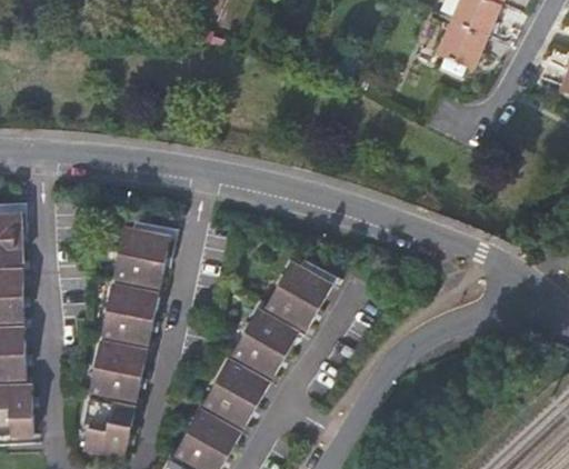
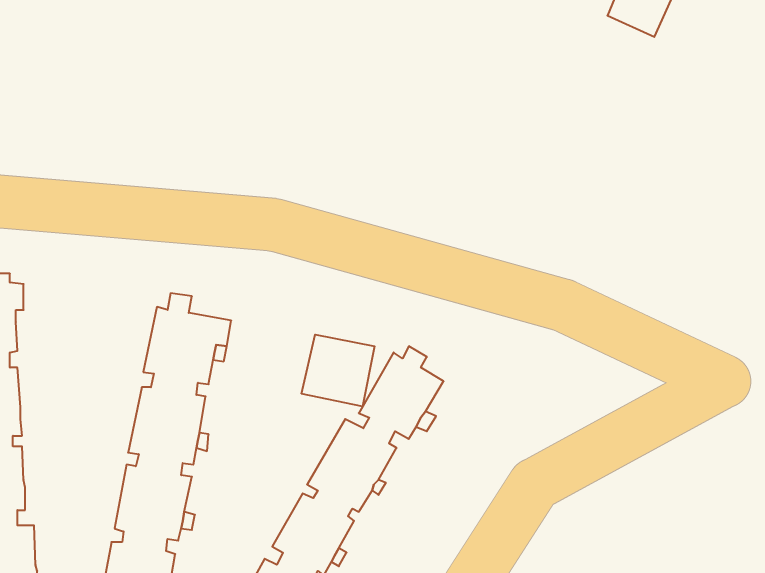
building: [438,14,486,61] -> none
building: none -> [302,335,375,407]

